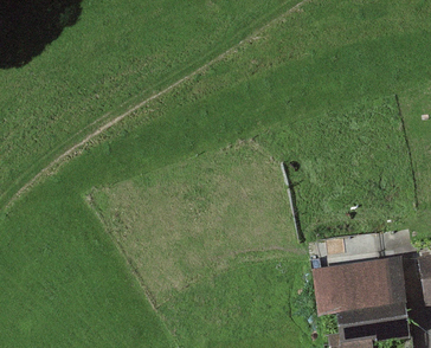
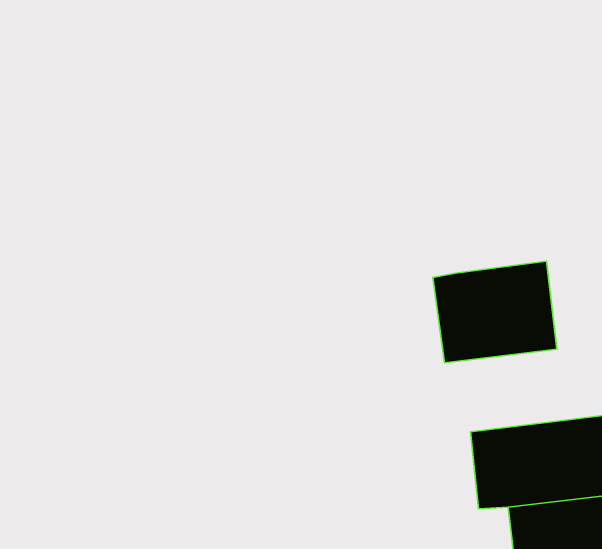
building: none -> [433,261,557,363]

